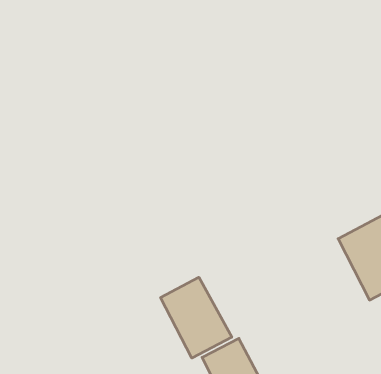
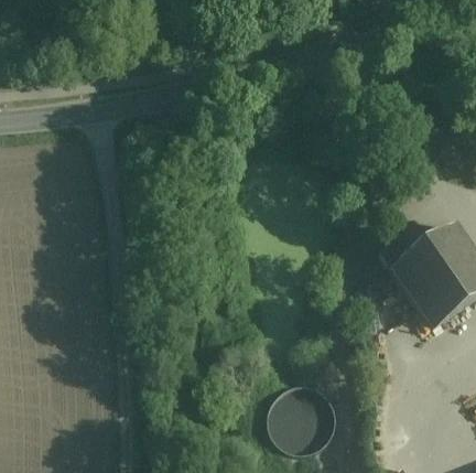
building: [161,277,232,358] -> none

